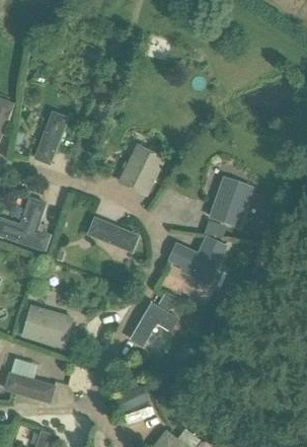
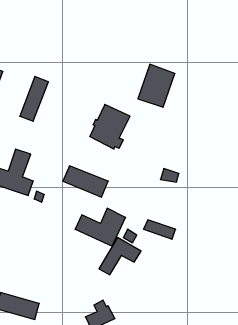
building: [208,176,252,228] -> [138,64,175,107]
building: [167,235,228,281] -> [75,208,126,246]
building: [20,305,73,350] -> none

